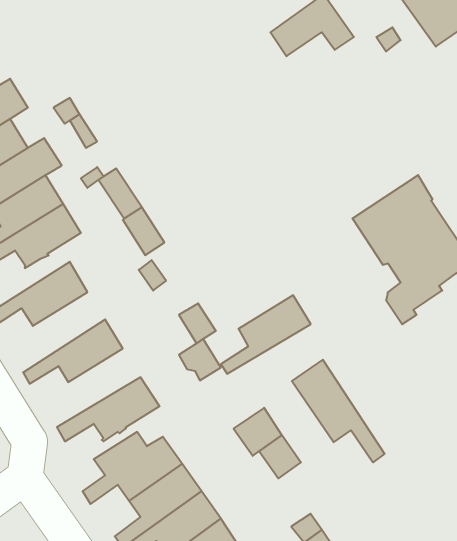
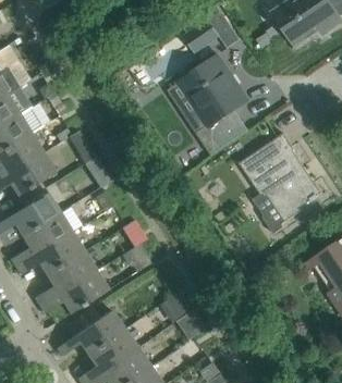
building: none -> [180,57,248,155]
building: none -> [11,212,72,267]
building: [221,295,311,374] -> [35,250,96,304]
building: [292,360,385,462] -> none

